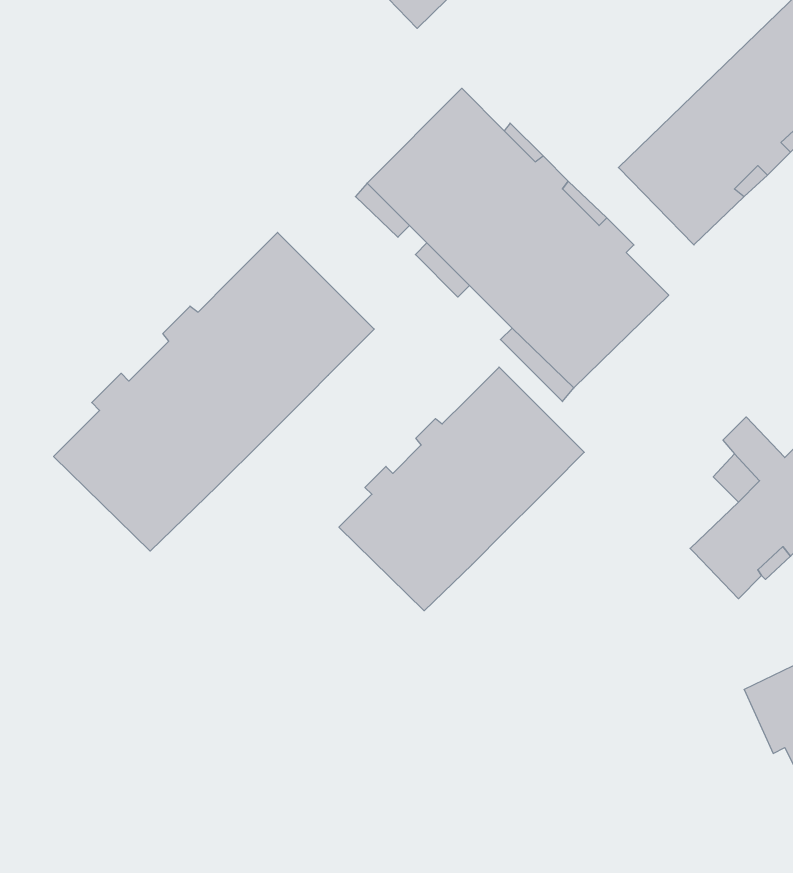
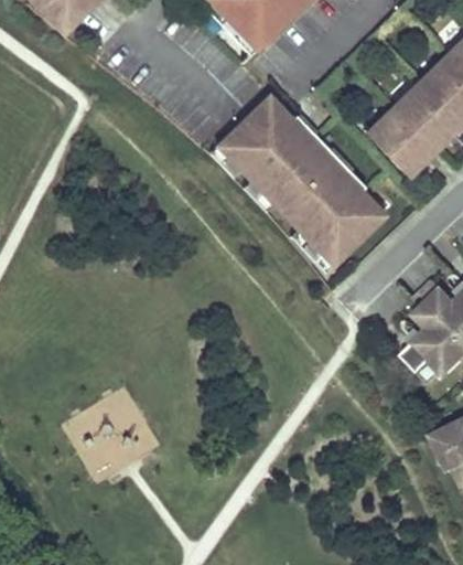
building: [54,232,374,551] -> none
building: [339,367,584,611] -> none

